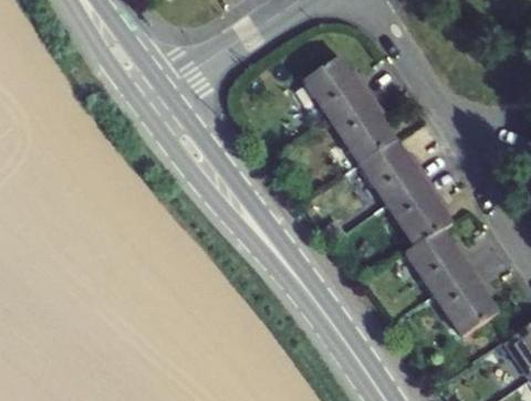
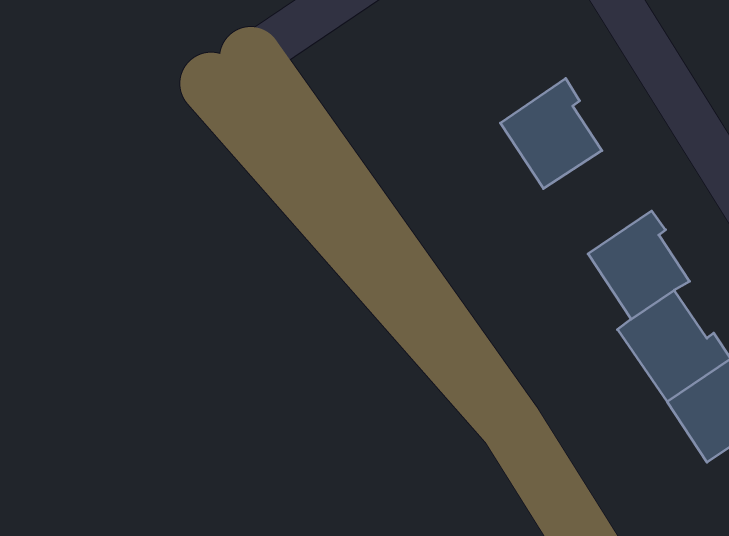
building: [300,52,372,120] -> none
building: [357,138,427,204] -> none

